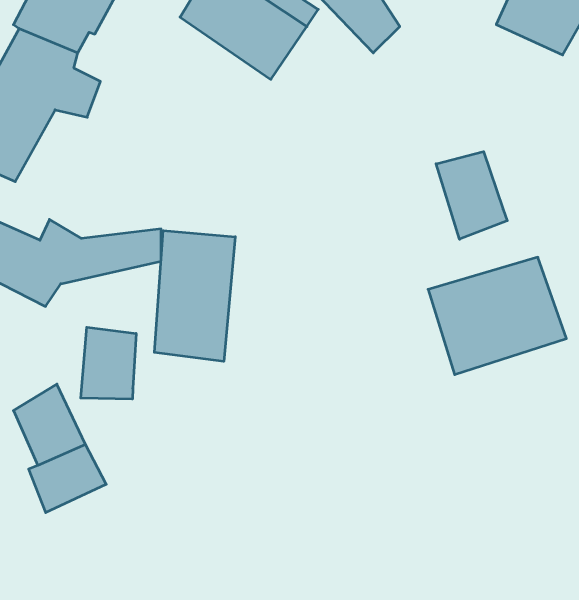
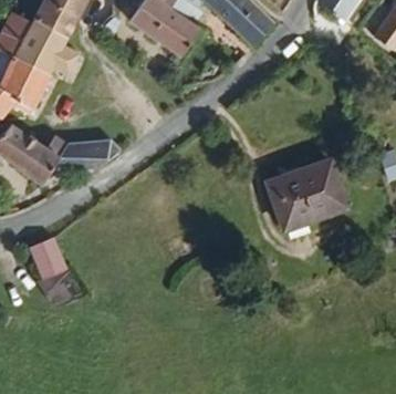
building: [436,152,507,239] -> none
building: [154,231,235,361] -> none
building: [81,327,136,399] -> none

